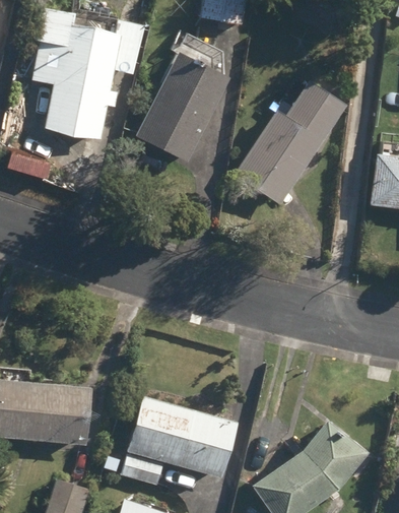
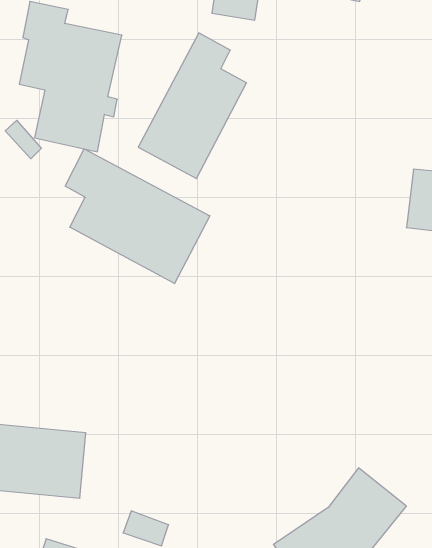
building: [240,82,347,200] -> none
building: none -> [65,149,210,284]
building: [127,393,237,476] -> none

